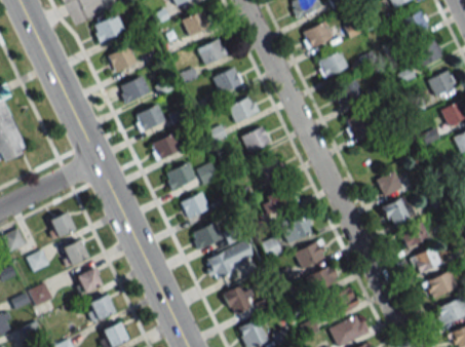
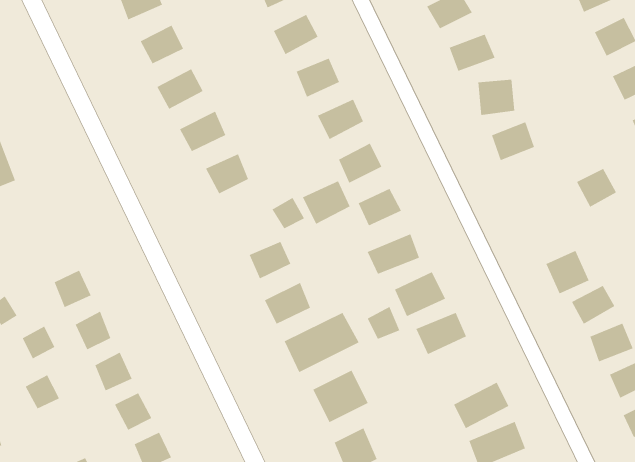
building: [164,161,197,191] -> [302,181,351,225]
building: [376,171,403,198] -> [576,168,617,208]
building: [307,265,339,293] -> none

